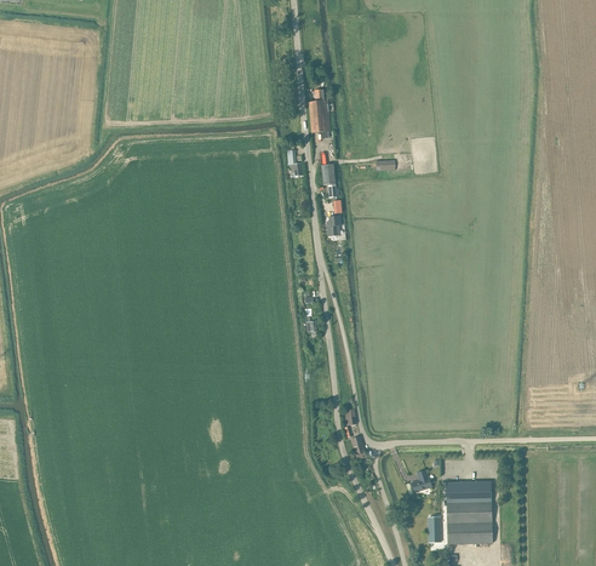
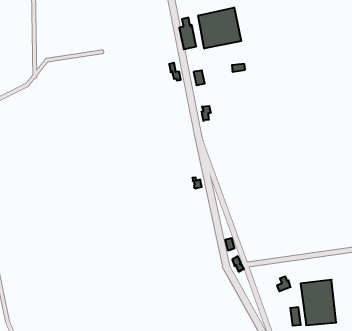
building: none -> [198,7,241,49]

